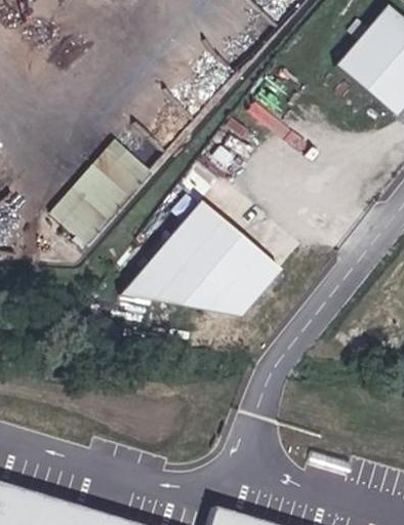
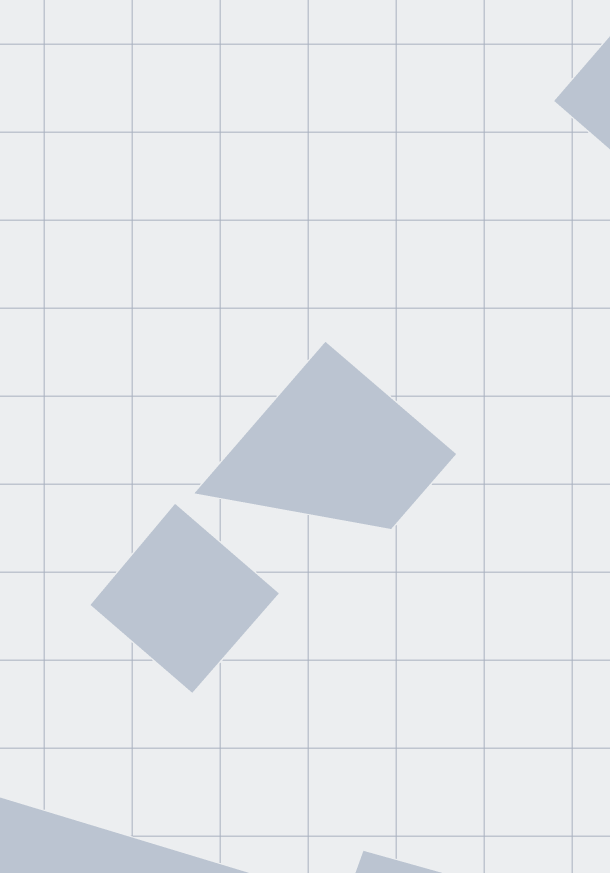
building: [54,140,154,243] -> none
building: none -> [89,503,280,694]

